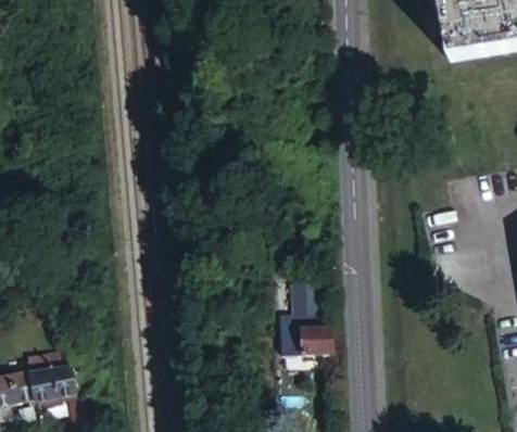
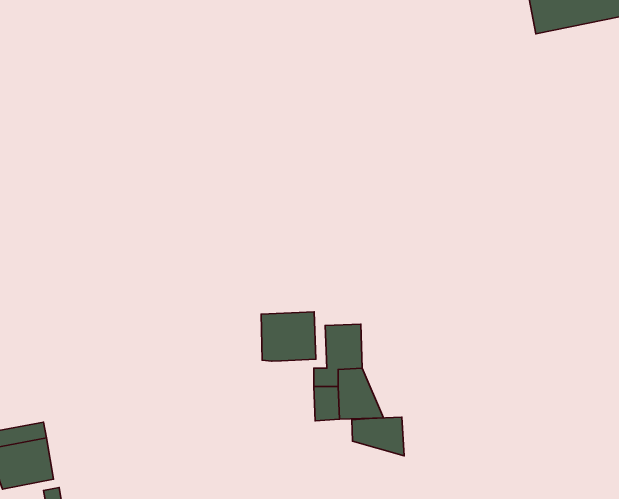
building: none -> [261,312,316,361]
building: none -> [352,417,404,456]

